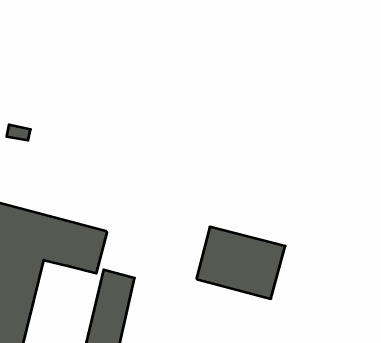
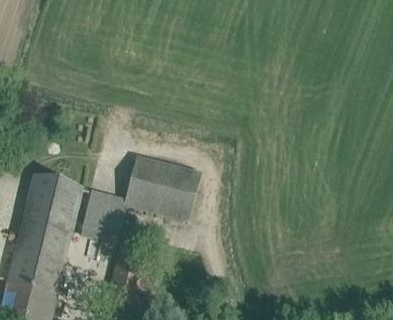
building: [197,227,285,299] -> [125,156,200,216]

